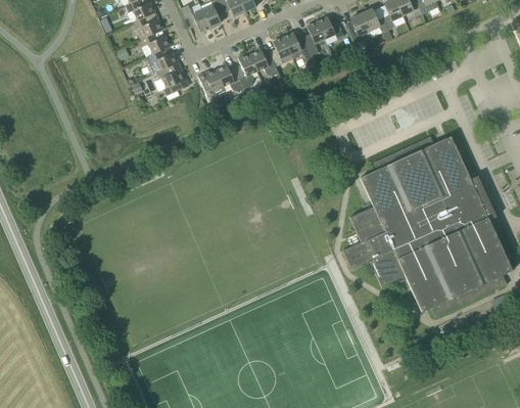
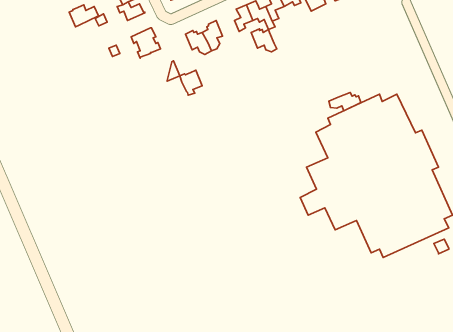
building: [145,49,178,74] -> [69,5,99,27]
building: [250,49,279,75] -> [251,29,277,52]
building: [199,69,224,96] -> [180,70,202,95]
building: none -> [329,92,361,111]

